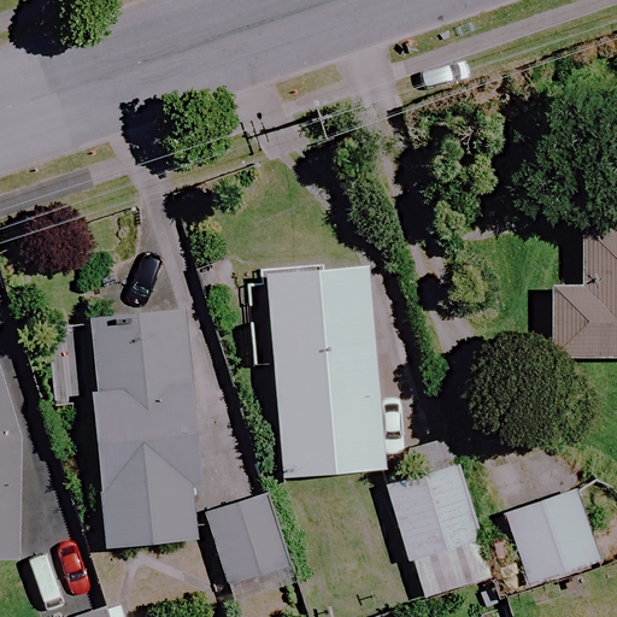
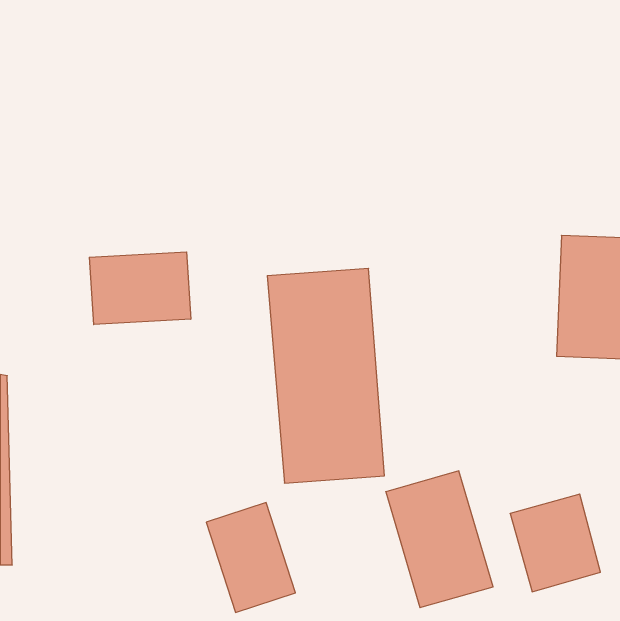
building: none -> [89,252,191,325]
building: [95,318,199,546] -> none

